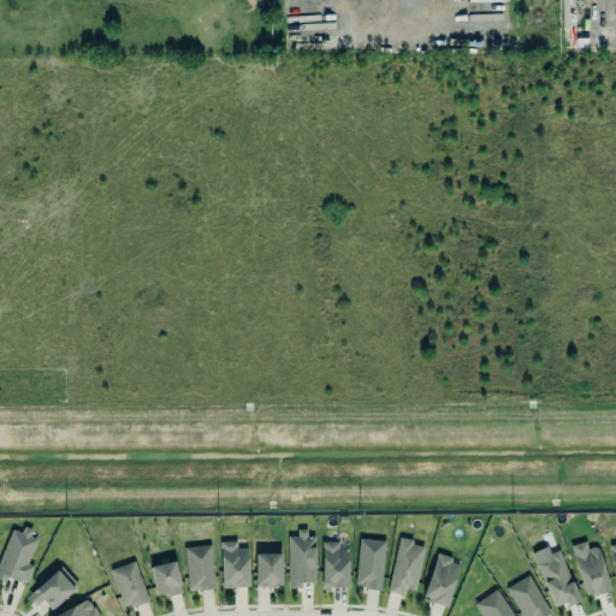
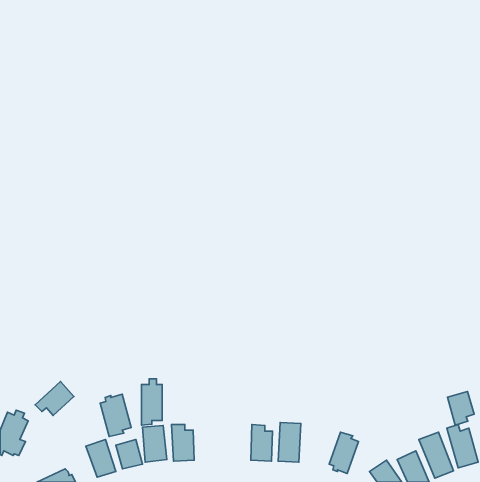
building: none -> [448,391,474,425]
building: none -> [100,394,131,437]
building: [290,529,316,588] -> [141,379,162,425]
building: [389,539,426,596] -> none
building: [256,555,283,587] -> none
building: [30,567,79,610] -> [35,381,74,415]

